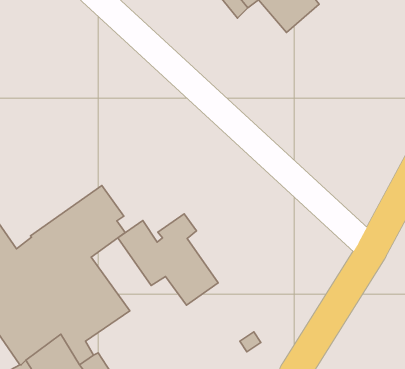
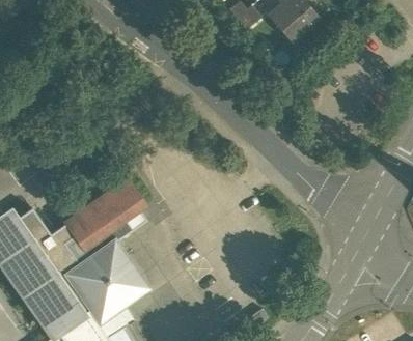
building: [118,214,218,305] -> none

